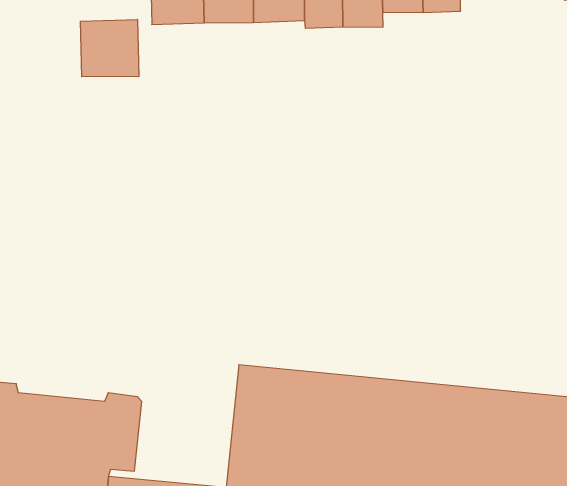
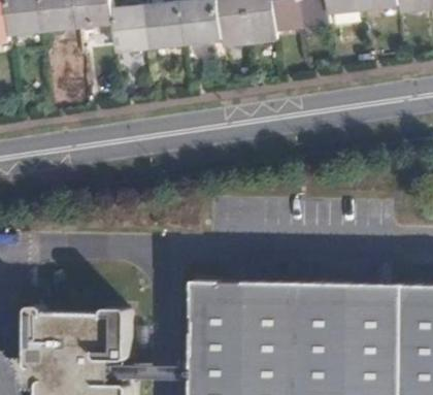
building: [81,19,139,77] -> none

